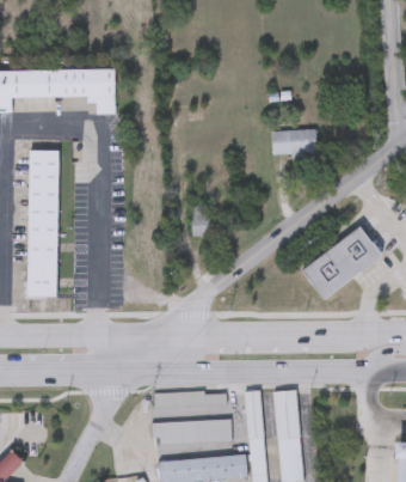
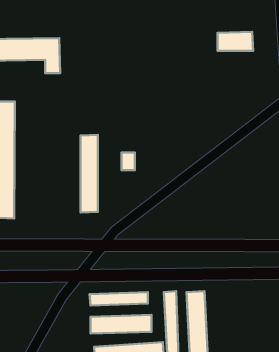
building: [271,130,316,154] -> [217,32,253,51]
building: none -> [80,135,98,213]
building: [302,227,382,298] -> none

